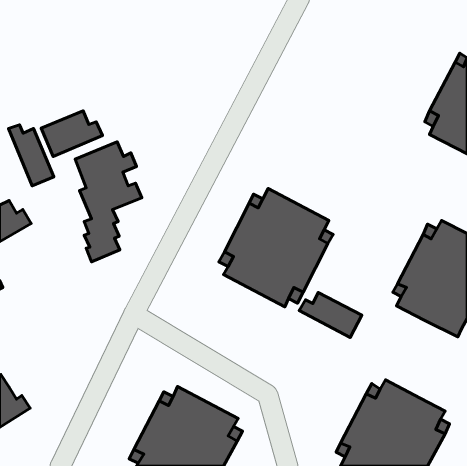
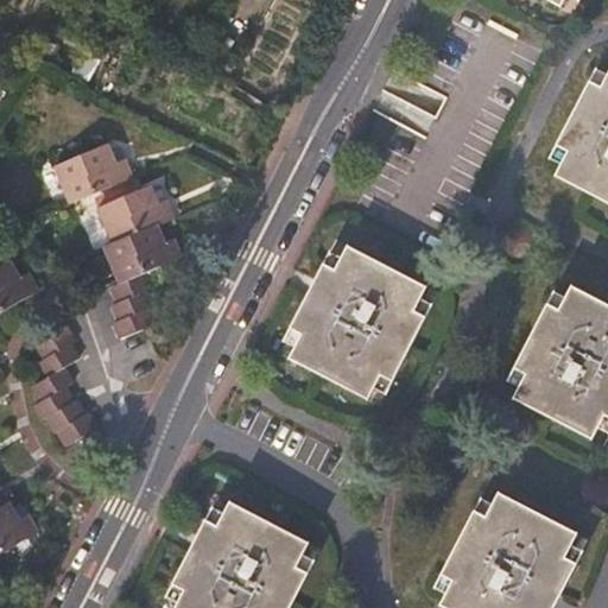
building: [8,125,54,186] -> none
building: none -> [32,324,99,446]
building: [299,293,362,337] -> none

